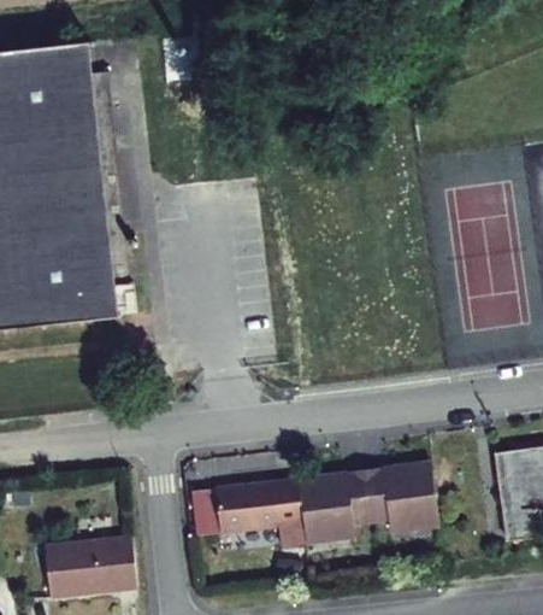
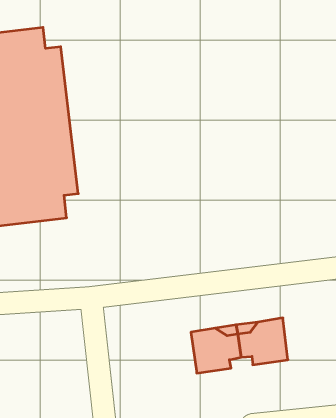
building: [196,484,290,546] -> none
building: [30,537,123,598] -> none

